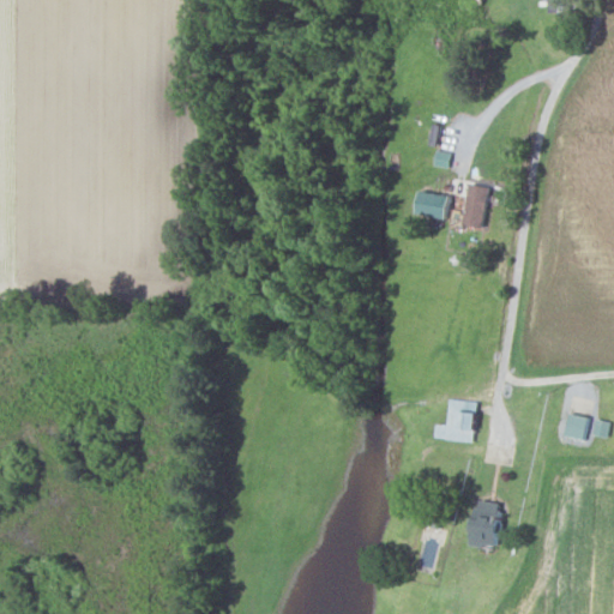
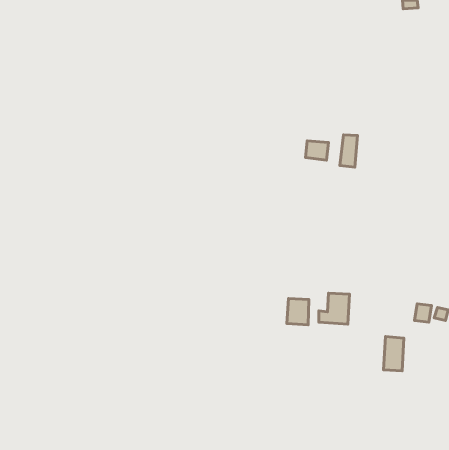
building: none -> [287,298,309,325]
building: [471,500,499,547] -> [384,336,404,371]

